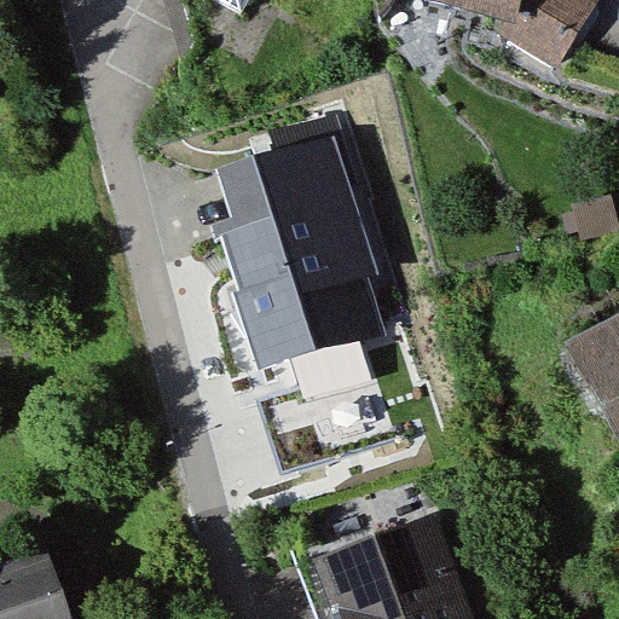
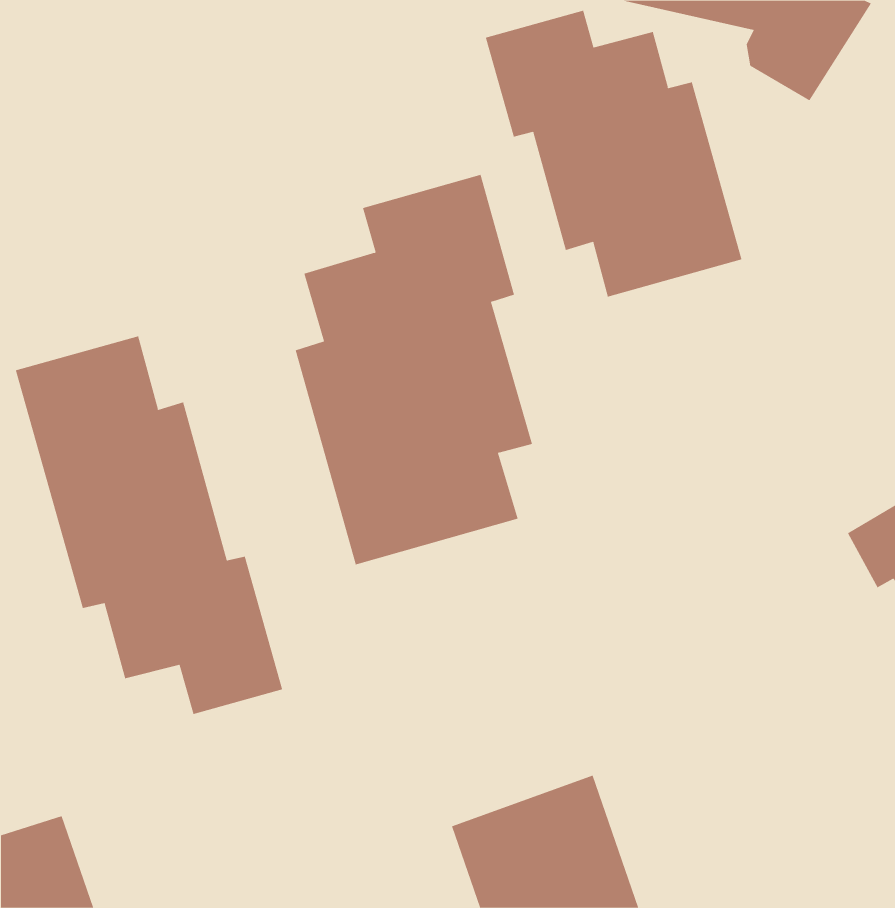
building: none -> [485,10,742,298]
building: none -> [15,336,283,715]

